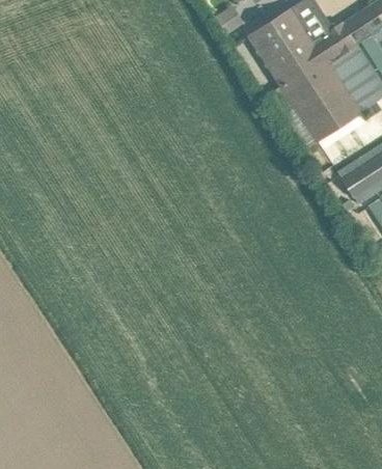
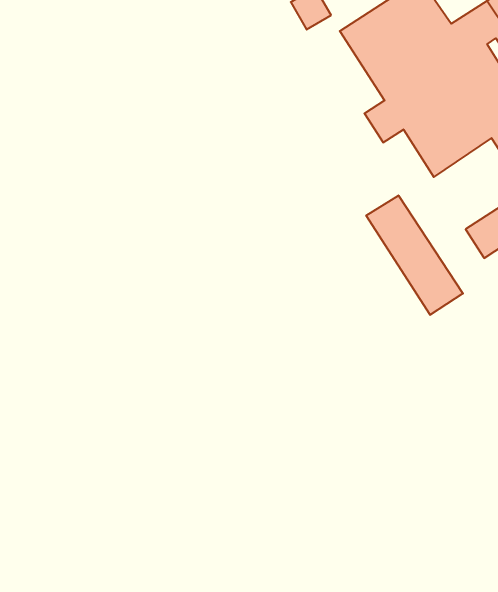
building: none -> [366,195,463,315]

